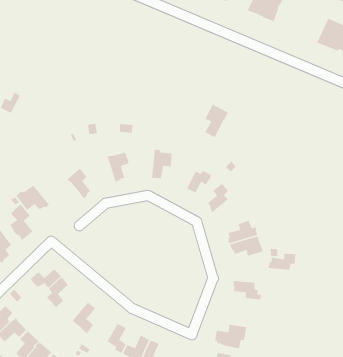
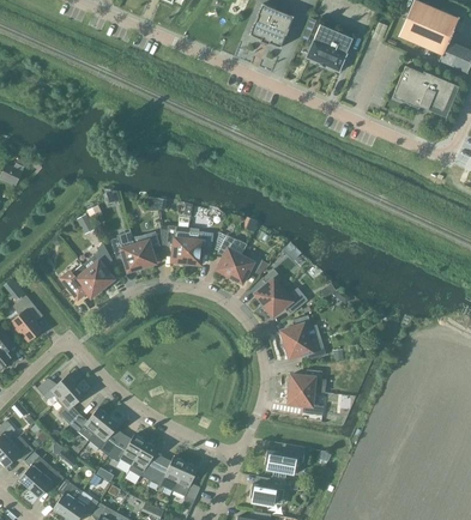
building: [204,103,229,138] -> [217,234,247,277]
building: none -> [167,225,191,264]
building: none -> [110,229,143,272]
building: [15,185,50,211] -> [61,265,104,297]
building: none -> [262,288,308,316]
building: [268,253,296,270] -> [288,370,322,392]
building: none -> [70,407,109,440]
building: none -> [108,435,145,465]

